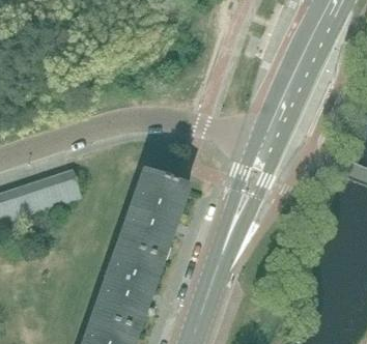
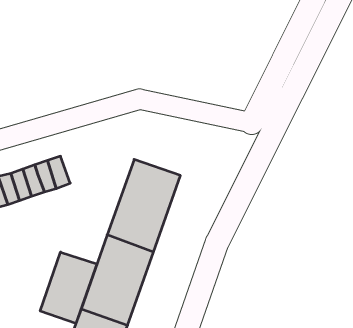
building: none -> [40,252,97,324]

